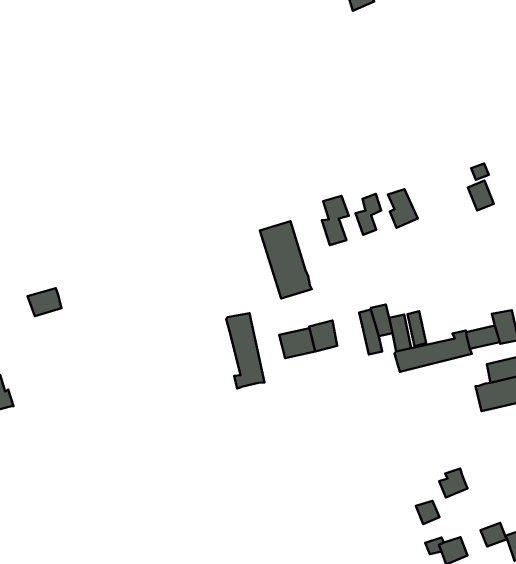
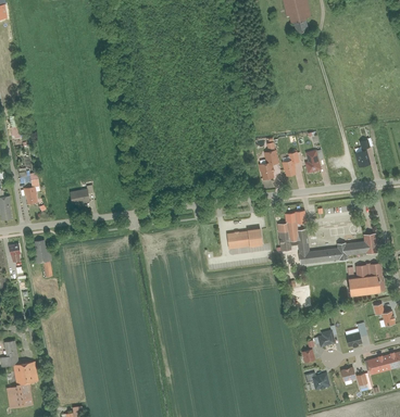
building: [260,221,312,299] -> none
building: [226,313,265,389] -> none

